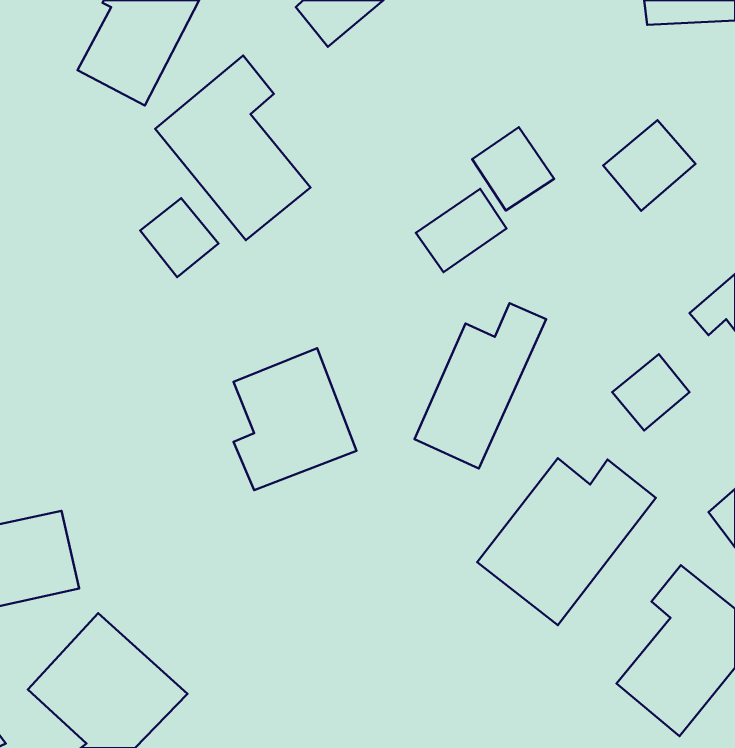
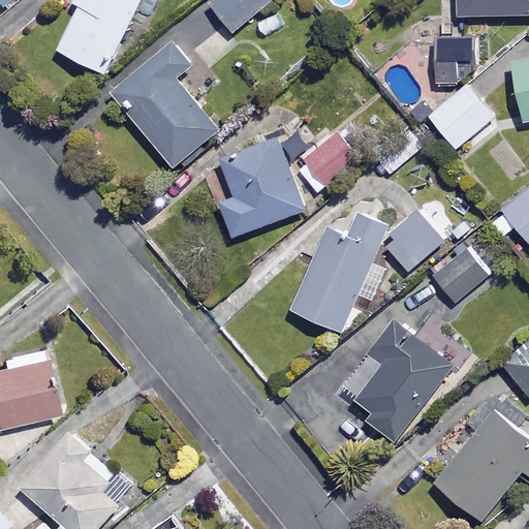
building: none -> [433,36,477,86]
building: [472,127,554,210] -> none
building: [140,198,218,277] -> none
building: none -> [380,209,444,272]
building: [234,348,357,490] -> [218,137,305,238]

